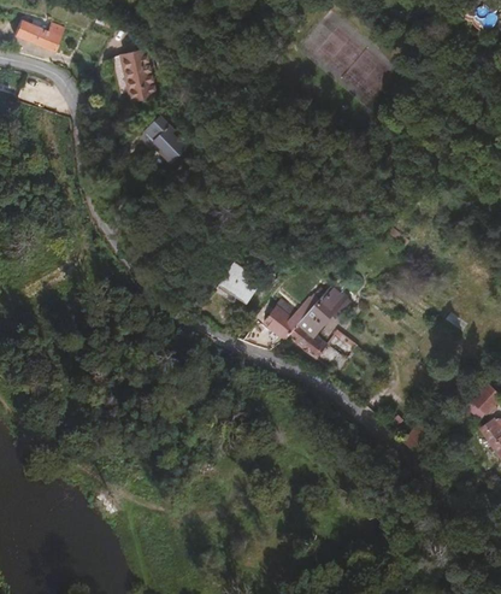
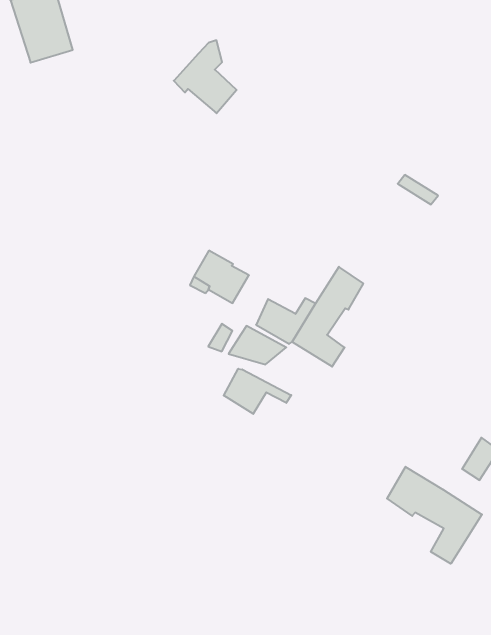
building: [138,108,184,163] -> [174,40,237,113]
building: none -> [224,369,291,414]
building: none -> [387,467,482,564]

